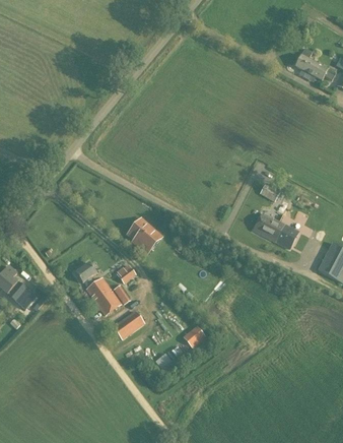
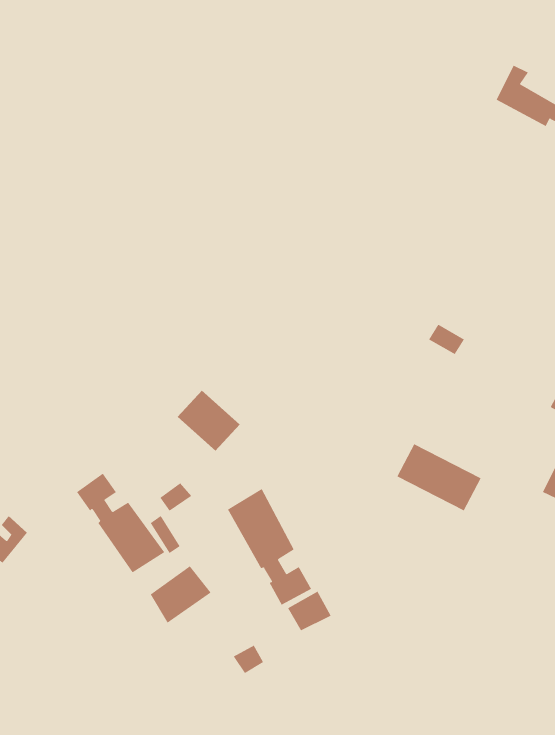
building: [253,212,297,248] -> [397,443,482,511]
building: none -> [227,488,312,606]

